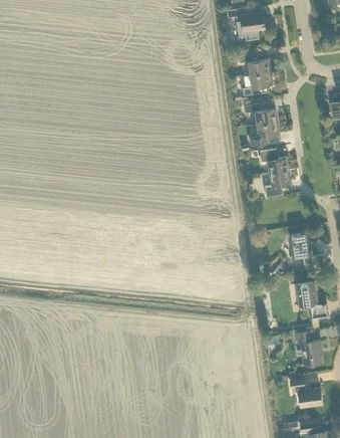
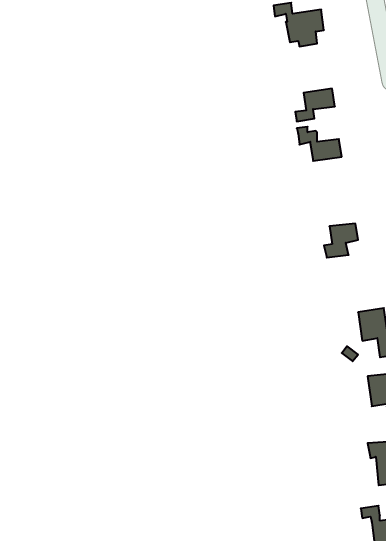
building: [239,55,270,75] -> none
building: [250,123,279,147] -> none
building: [259,151,287,174] -> none

